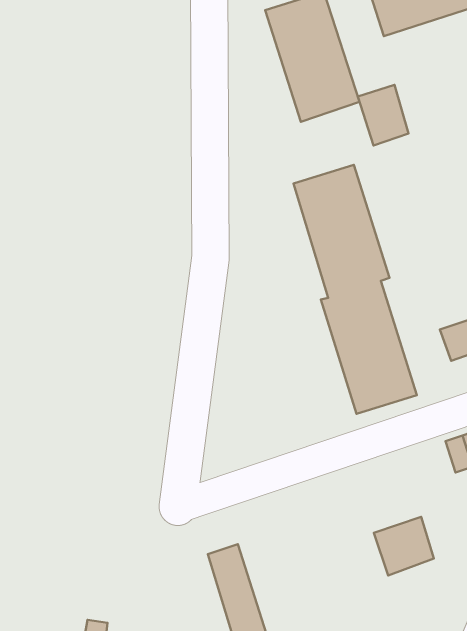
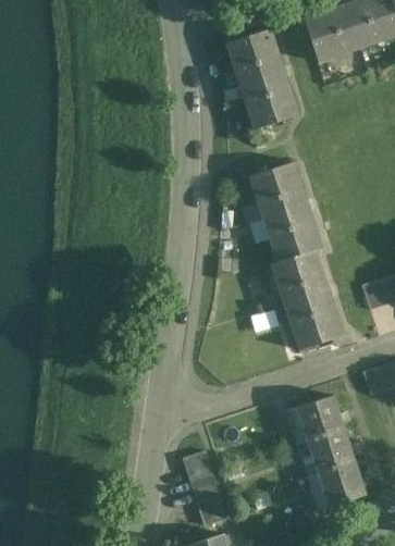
building: [358,85,409,146] -> none
building: none -> [297,395,345,440]
building: none -> [320,460,367,507]

